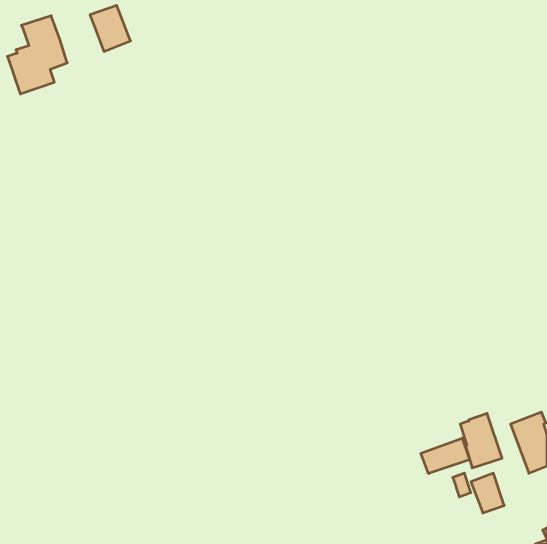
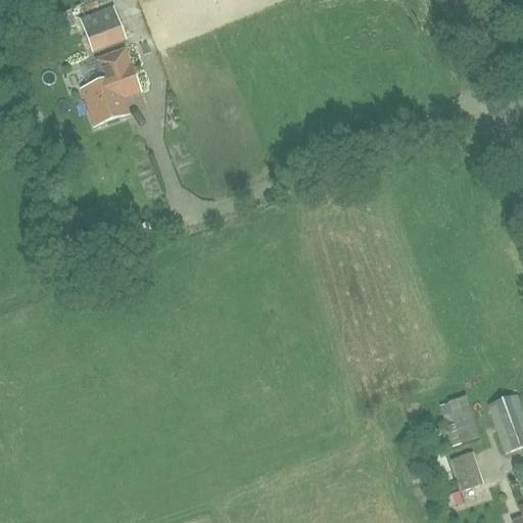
building: [7,16,67,94] -> [82,49,139,124]
building: [421,438,469,474] -> none

